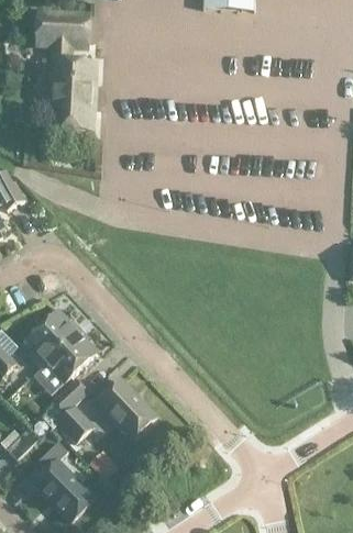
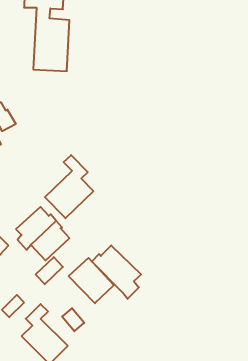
building: none -> [45,155,93,218]
building: none -> [92,245,141,299]
building: [57,407,93,442] -> none

